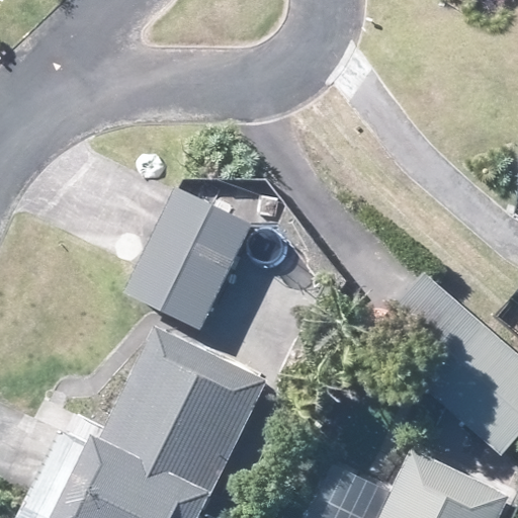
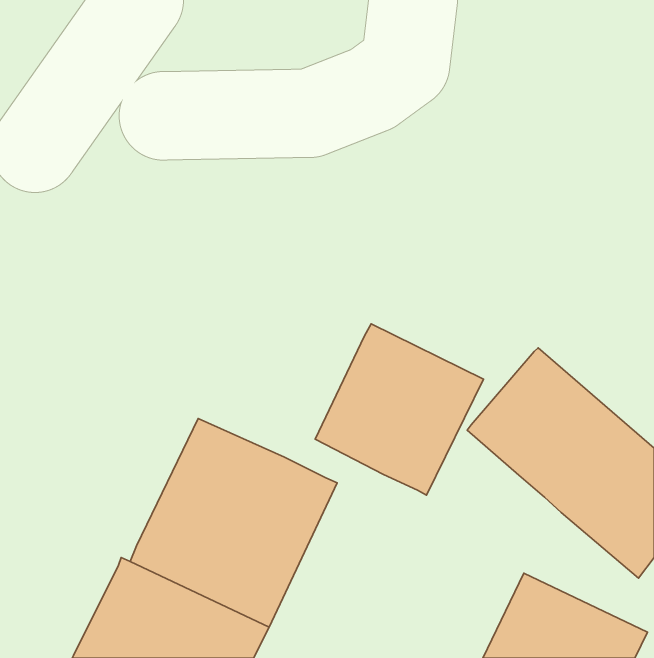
building: [126,188,250,328] -> none
building: none -> [315,324,484,495]

